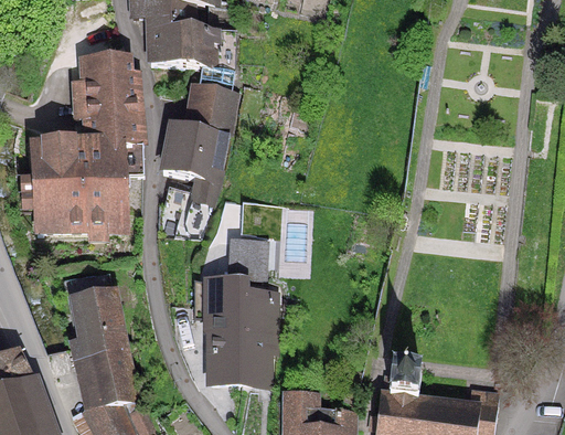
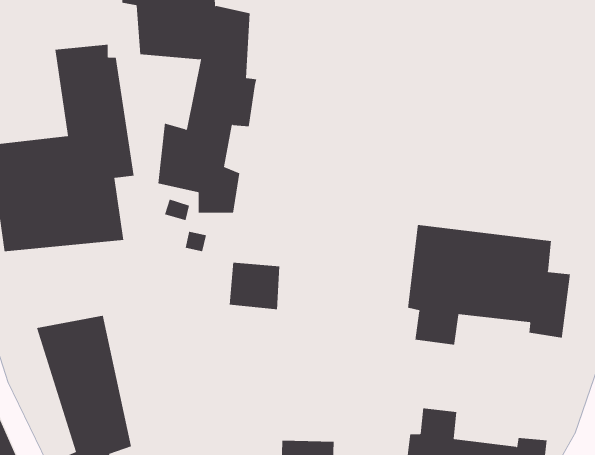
building: none -> [407,224,571,345]
building: [183,284,276,380] -> none

